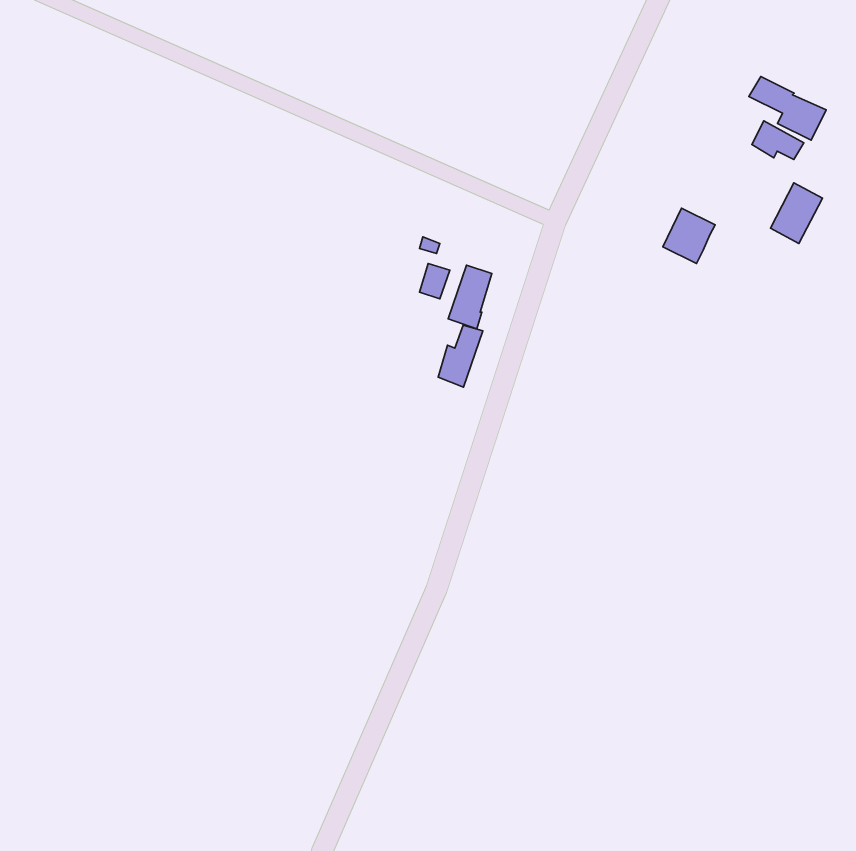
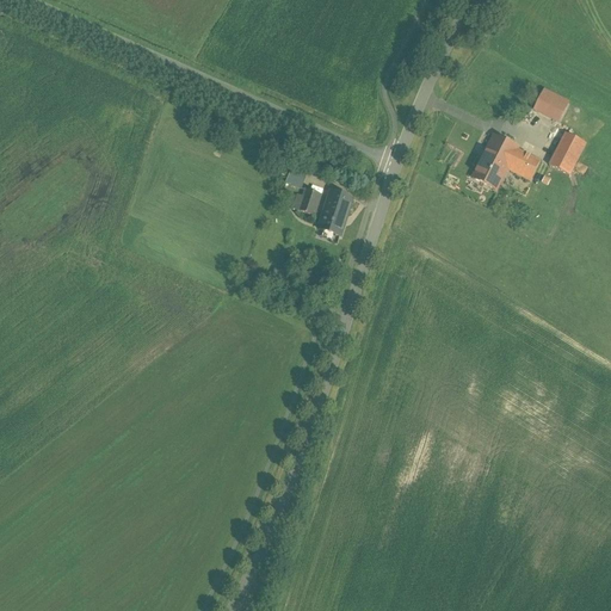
building: [749,76,826,140] -> [485,134,539,179]
building: [438,325,483,387] -> none

